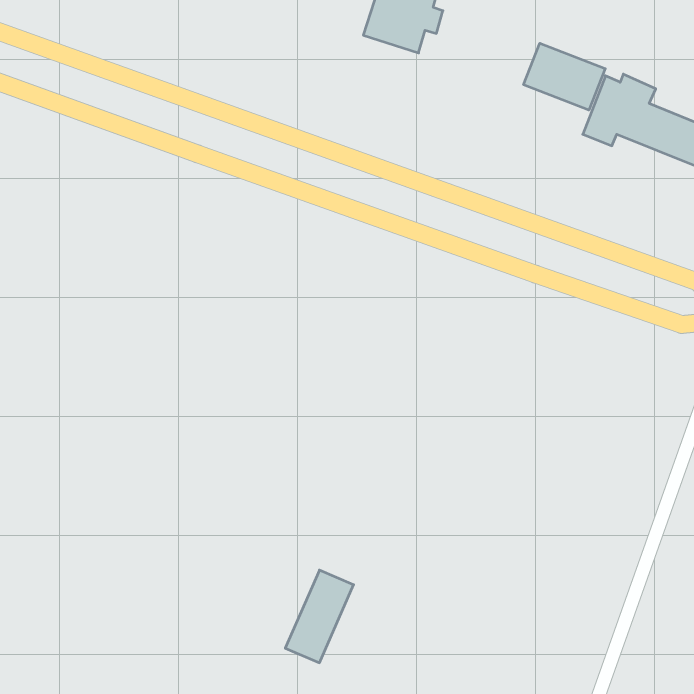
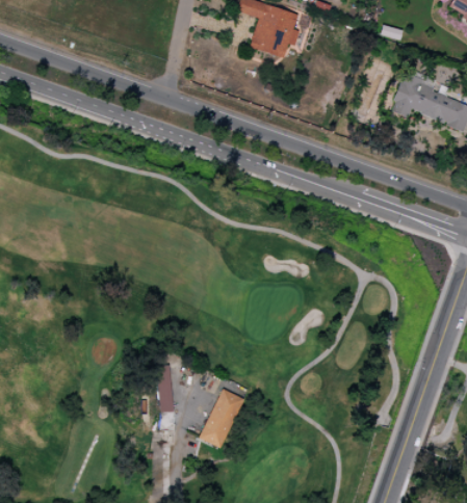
building: [524,43,605,110] -> none
building: none -> [157,365,174,413]

